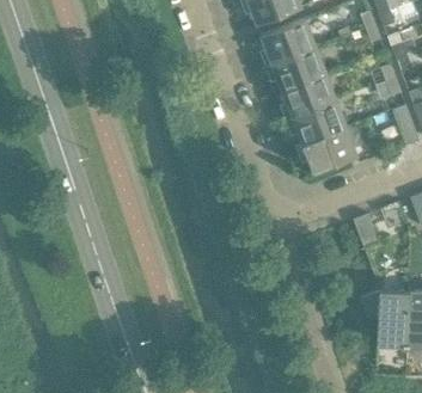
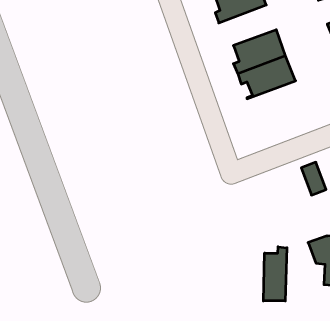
building: [265,47,326,90] -> none
building: [295,127,357,172] -> none
building: none -> [263,247,287,301]

